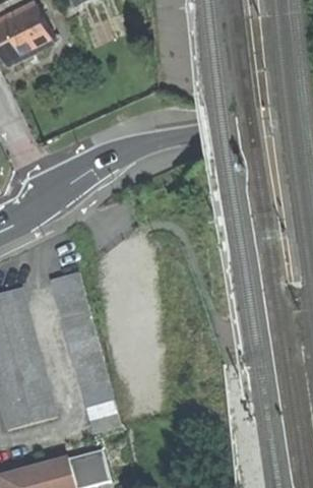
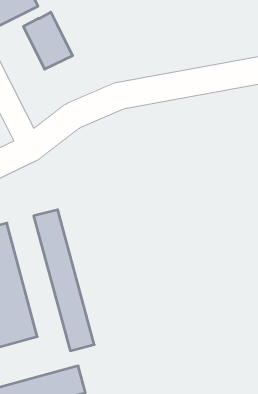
building: none -> [24,12,73,69]

